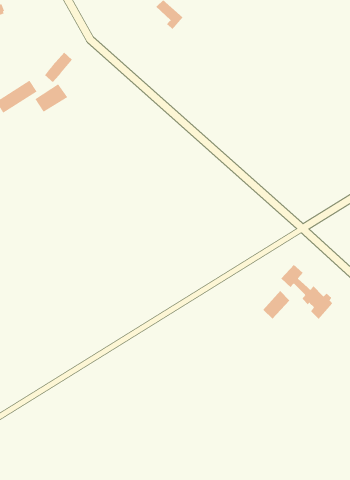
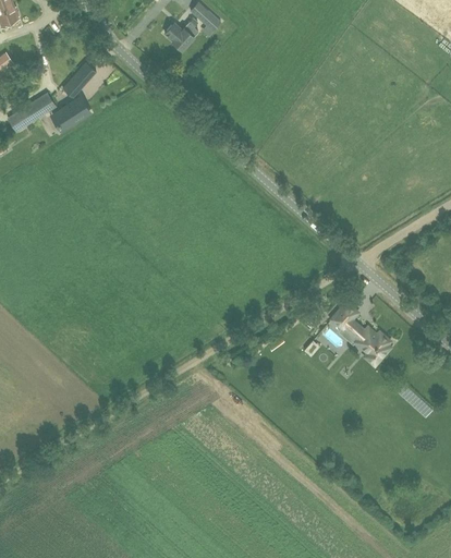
building: none -> [164,16,198,49]
building: [262,290,290,319] -> none

